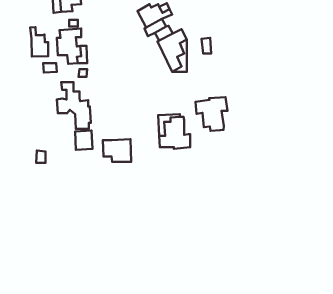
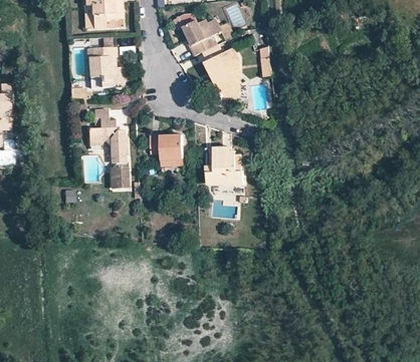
building: [30,27,48,57] -> none
building: [196,97,228,131] -> none
building: [103,139,131,162] -> [151,134,184,160]

